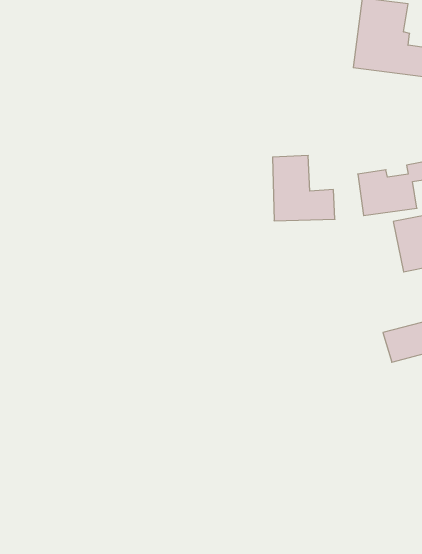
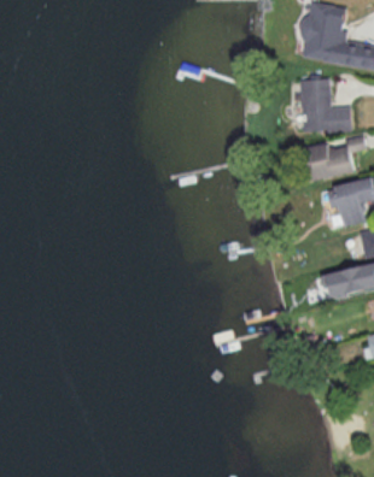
building: [273,156,335,221] -> [299,78,350,131]

